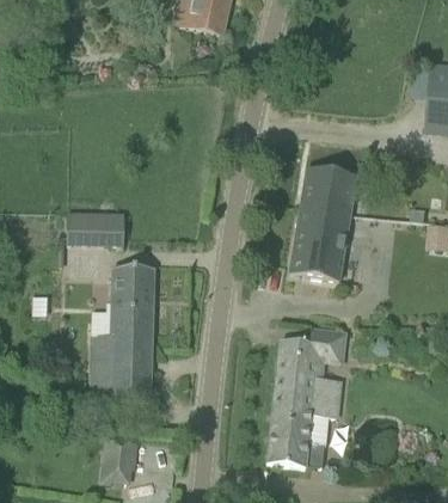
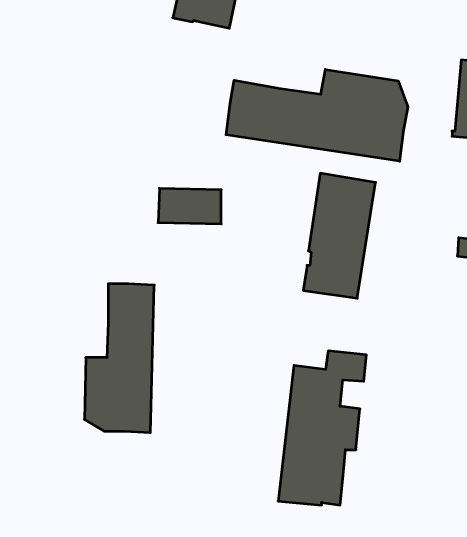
building: none -> [226,69,408,161]
building: [66,213,123,245] -> [158,188,221,224]
building: [98,440,139,486] -> none

